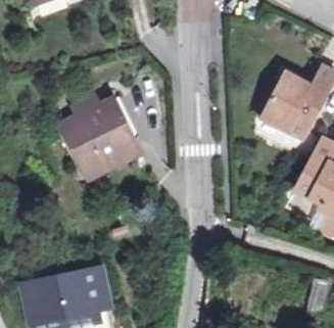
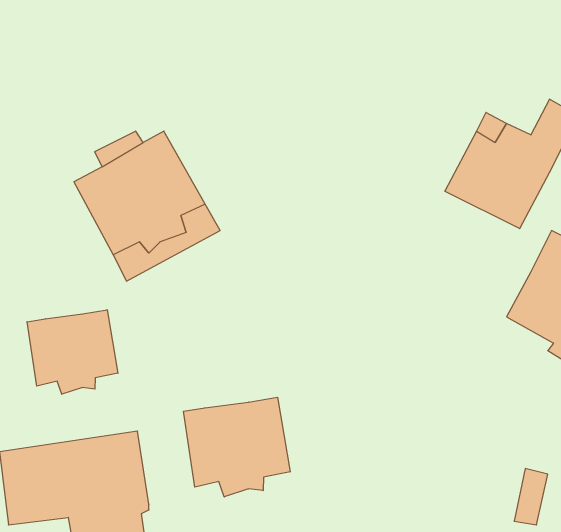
building: none -> [27,310,118,394]
building: none -> [184,397,290,497]

